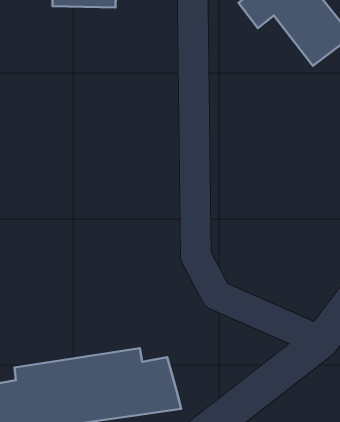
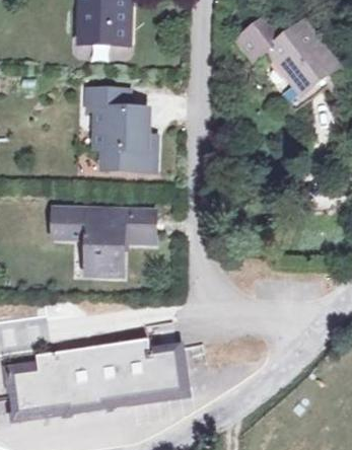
building: none -> [90,90,157,171]
building: none -> [66,209,155,275]

